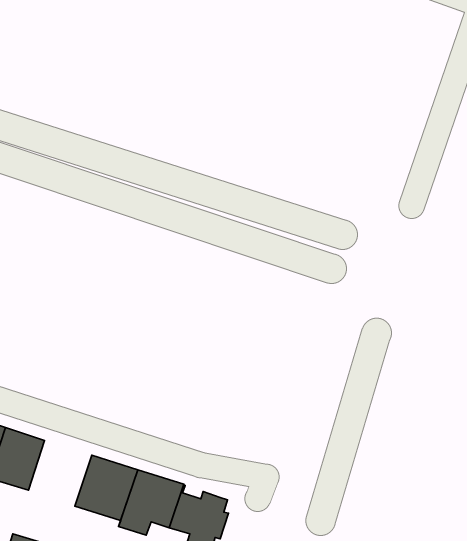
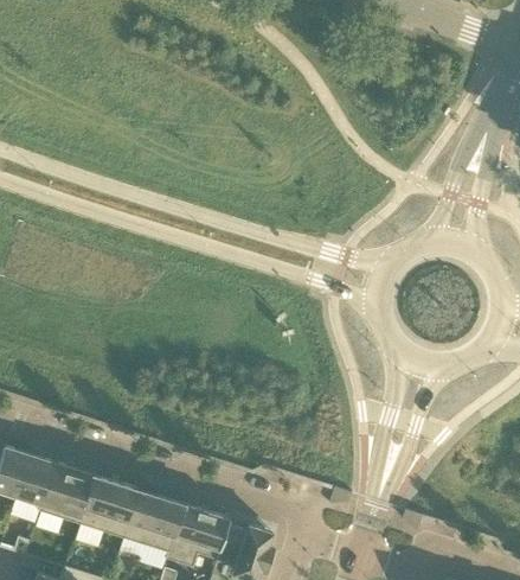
building: none -> [77,474,139,538]

